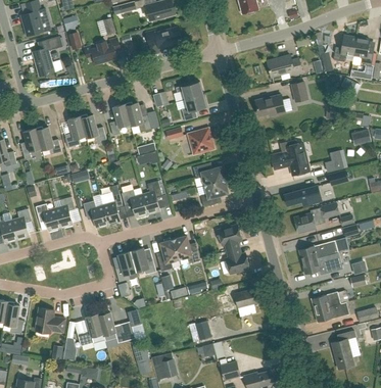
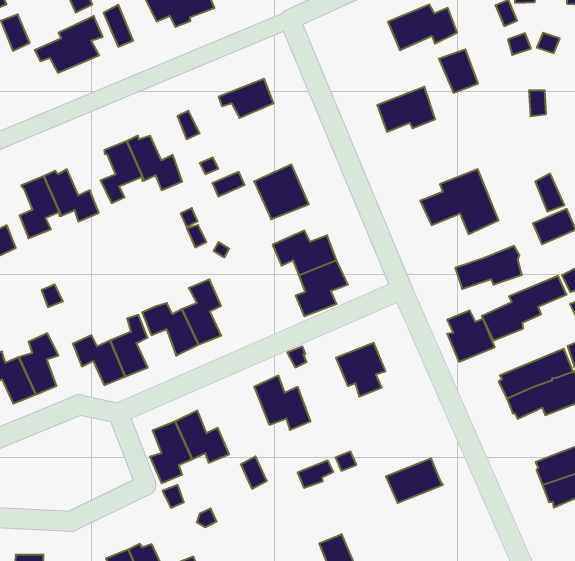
building: [181,95,206,120] -> none
building: [155,239,178,271] -> none
building: [225,248,248,274] -> [447,311,495,362]

